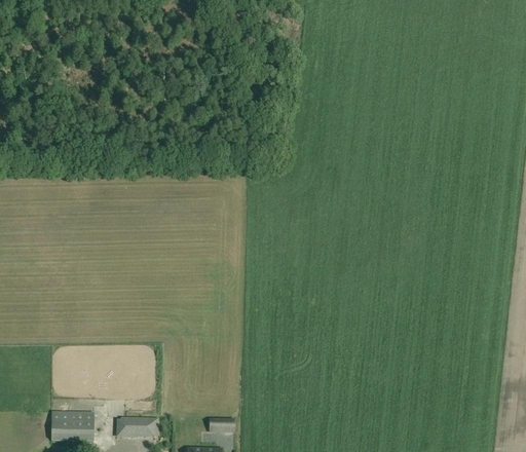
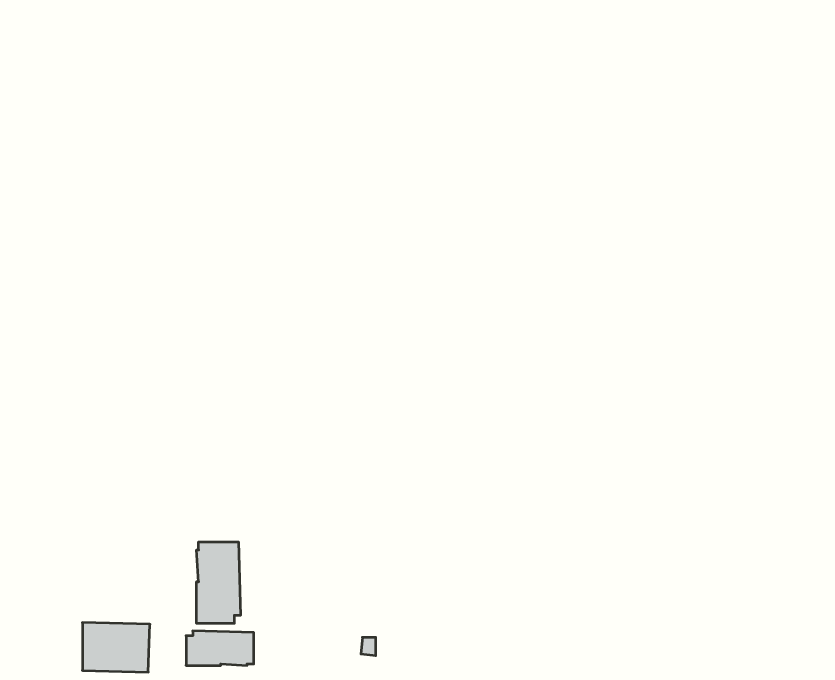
building: none -> [197,542,240,623]

